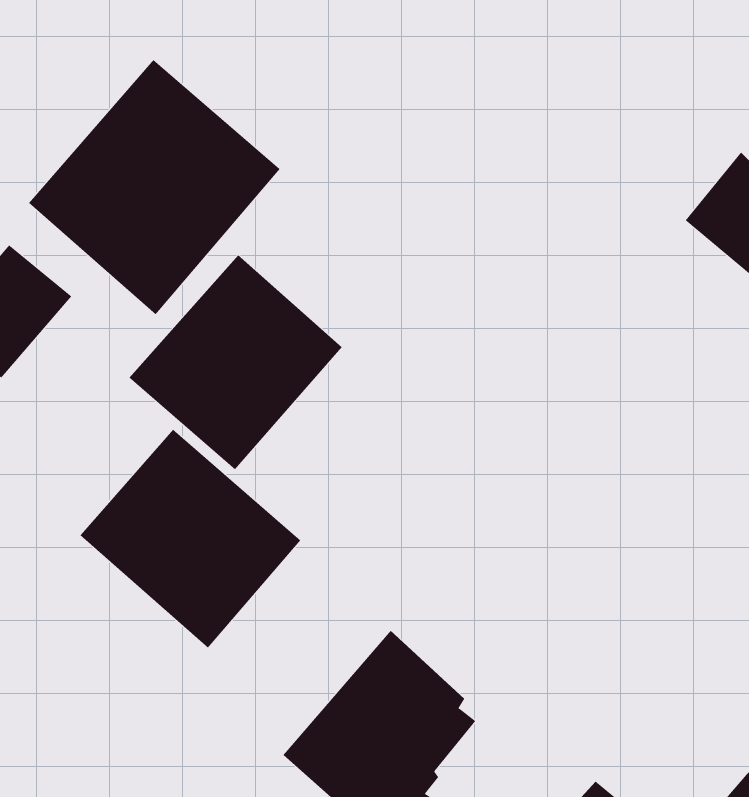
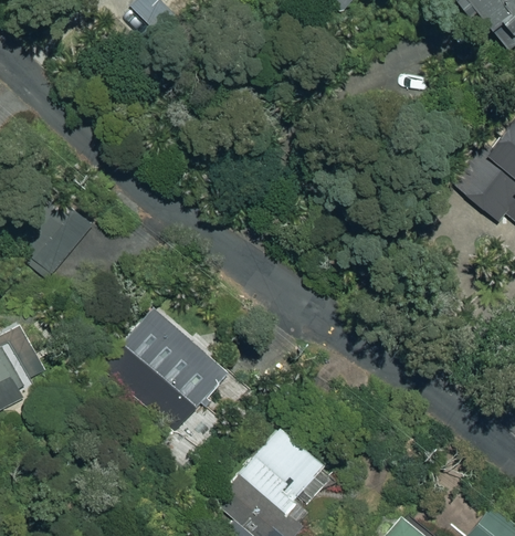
building: [28,59,281,315] -> none
building: [128,254,342,470] -> none

